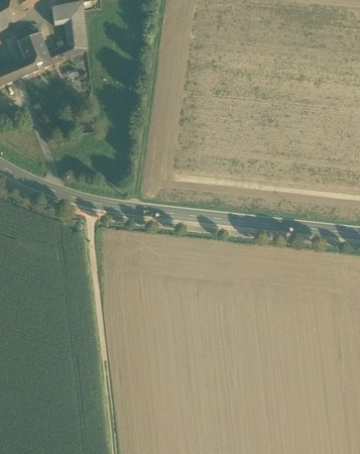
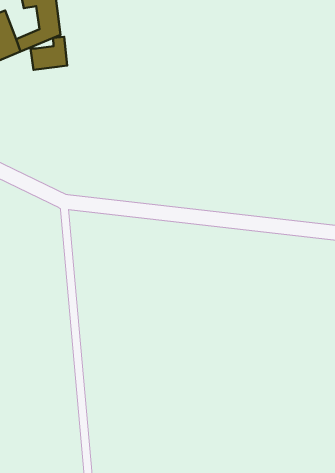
building: none -> [30,37,67,70]

